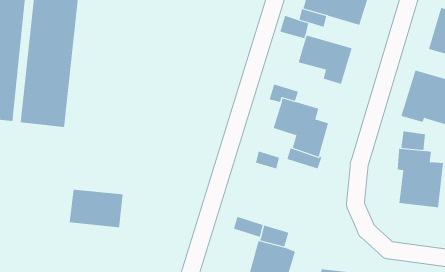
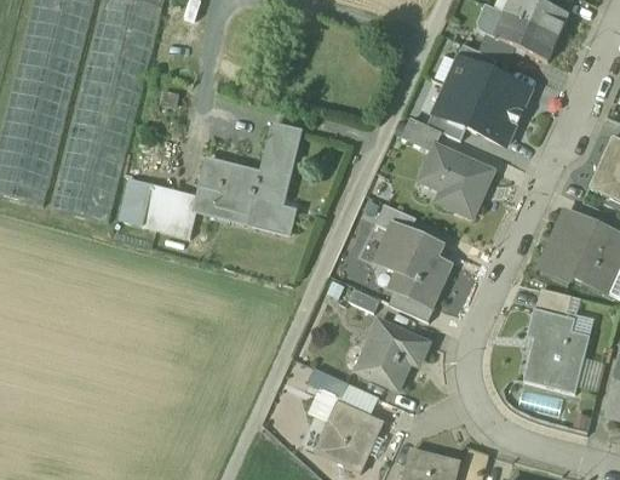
building: none -> [201,124,299,233]
building: none -> [355,320,427,388]
building: [69,189,124,228] -> [121,178,196,236]

